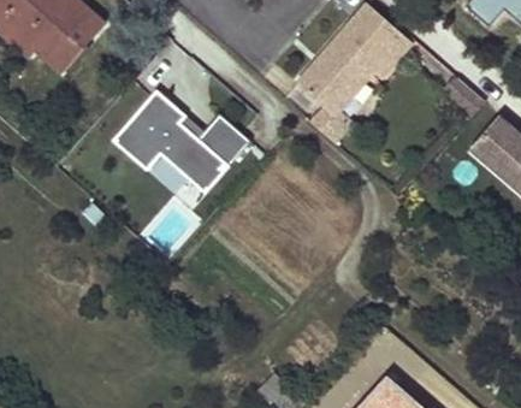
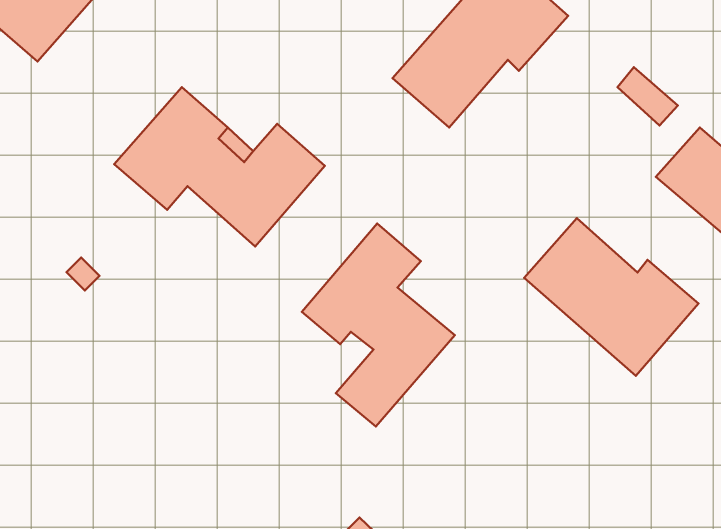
building: none -> [524,218,699,376]
building: none -> [302,223,455,426]

